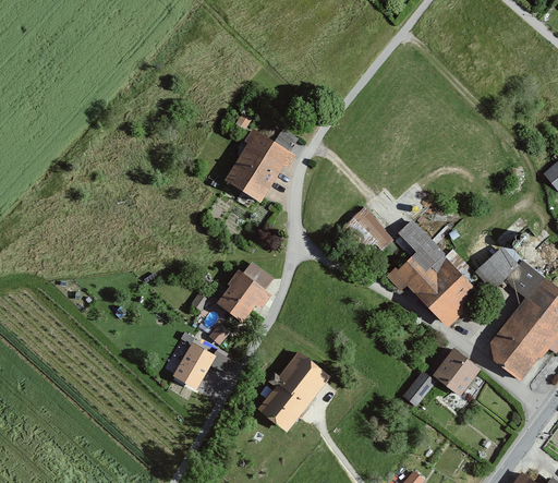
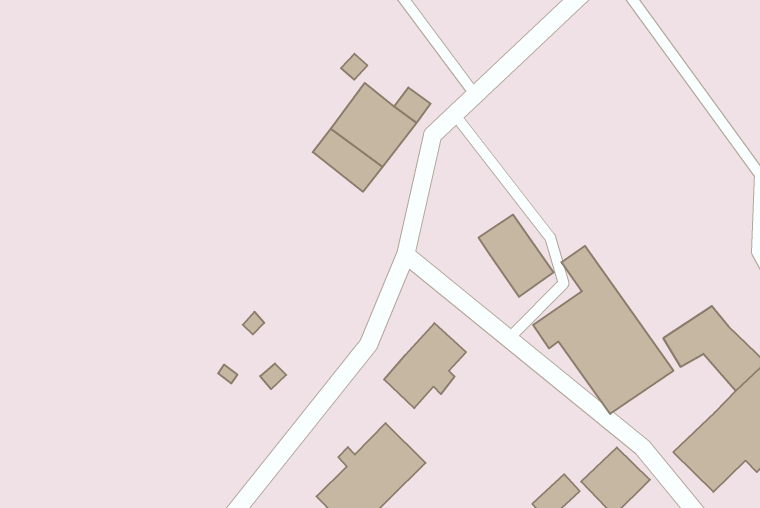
building: [219,262,271,321] -> [384,323,466,408]
building: [174,345,213,387] -> none

